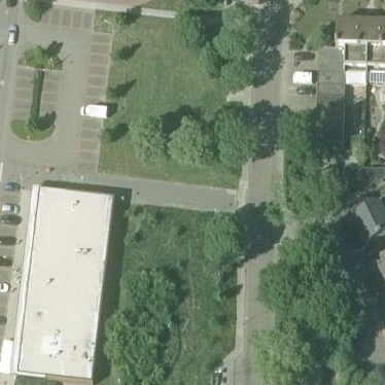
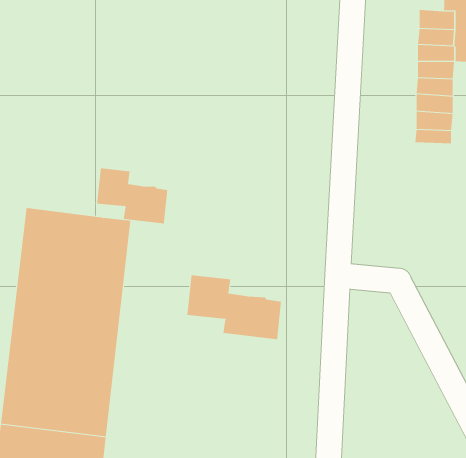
building: none -> [97,168,168,224]
building: none -> [187,275,282,340]

